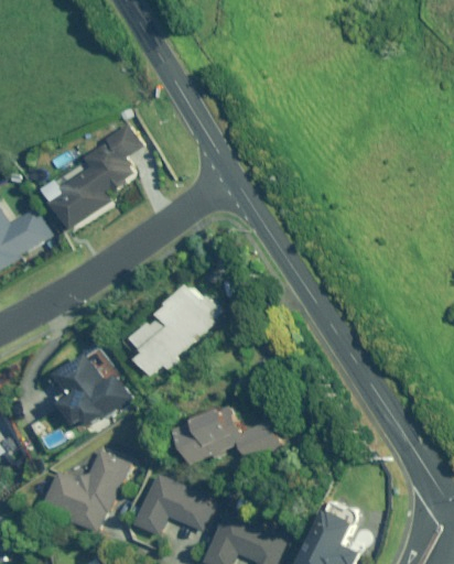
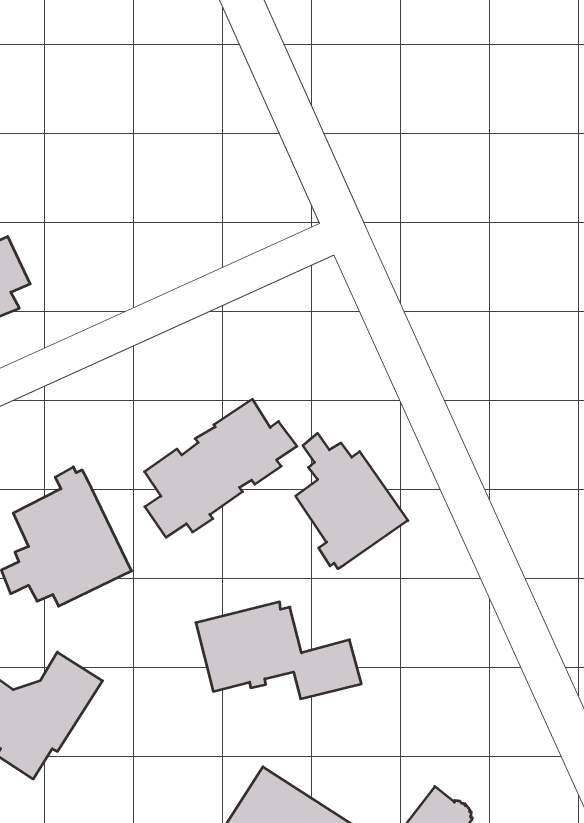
building: [48,128,134,229] -> none
building: none -> [296,433,408,569]
building: [132,471,212,534] -> none

